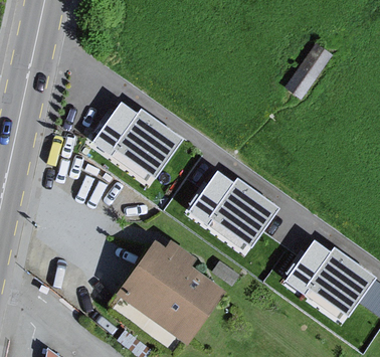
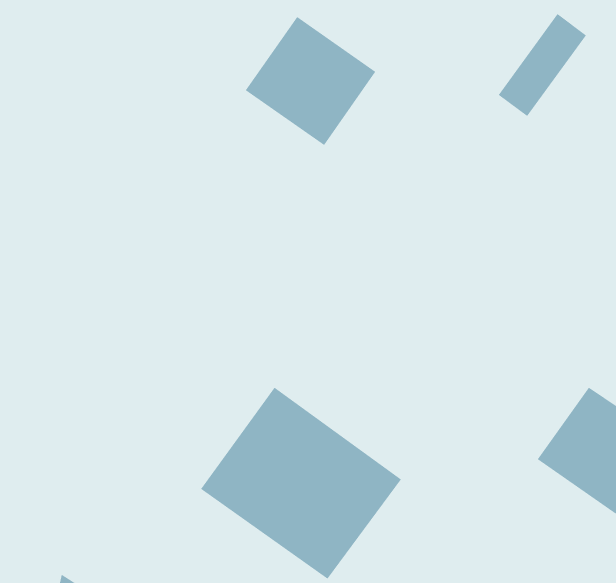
building: [108,106,179,176] -> [245,16,376,146]
building: [204,173,275,242] -> none

